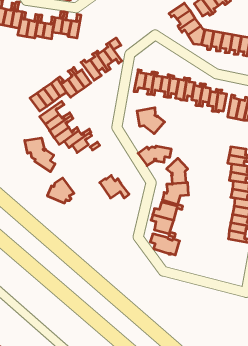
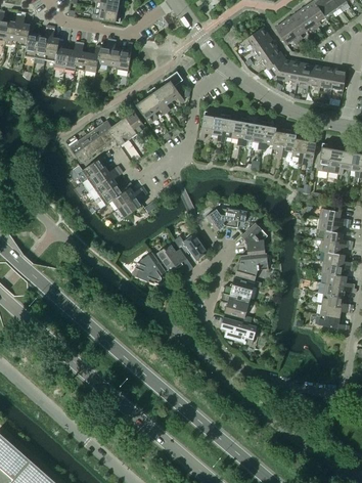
building: [137,108,165,134] -> none
building: [25,138,55,172] -> none
building: none -> [174,233,208,261]
building: [47,178,74,203] -> [132,253,166,284]

